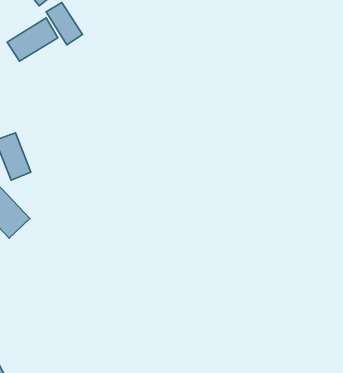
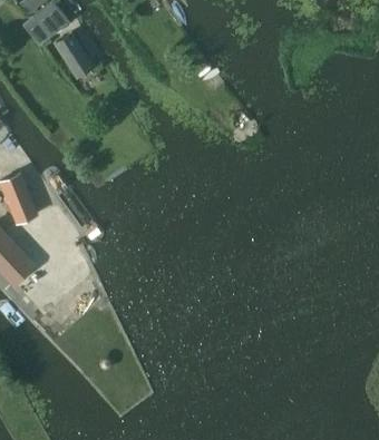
building: [7,18,58,61] -> none

